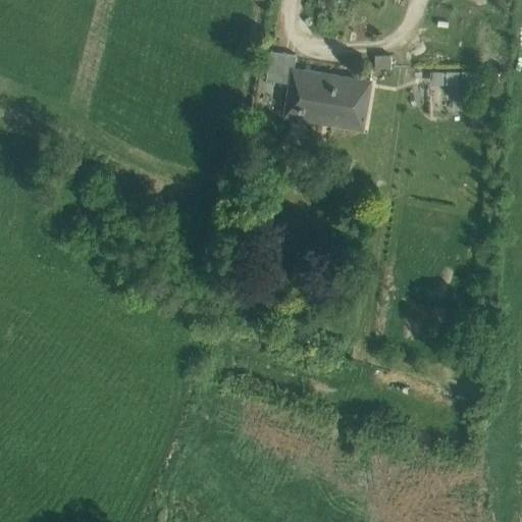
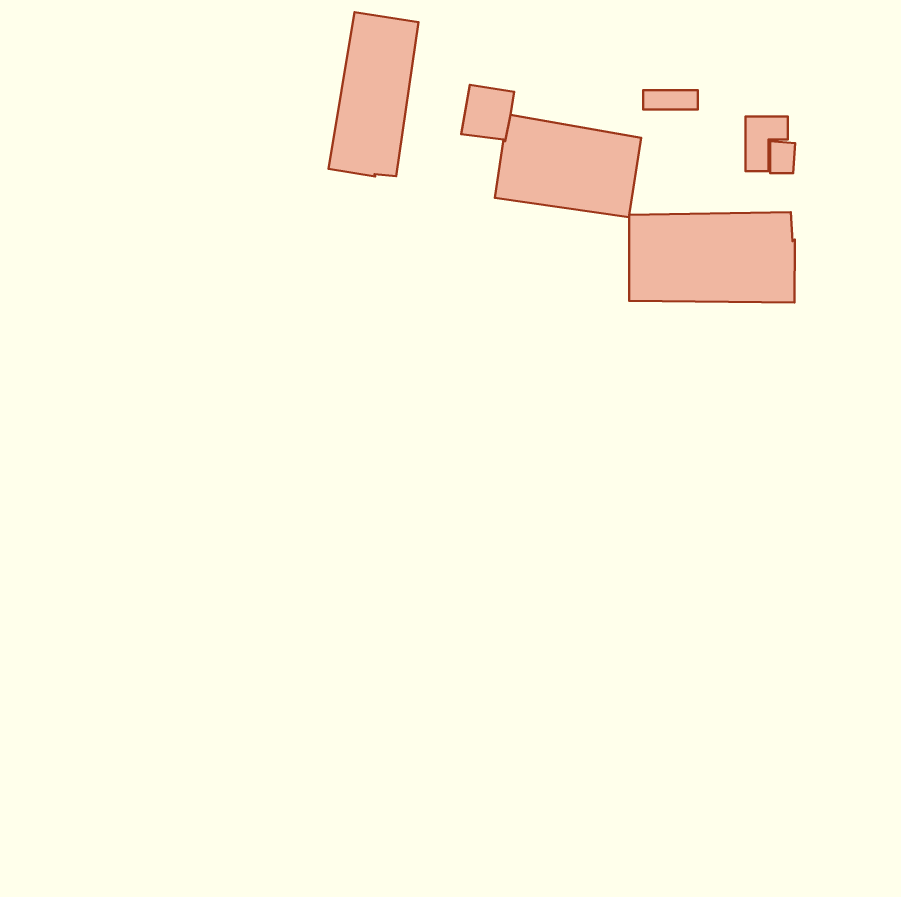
building: none -> [328,12,419,177]
building: none -> [629,212,795,302]

